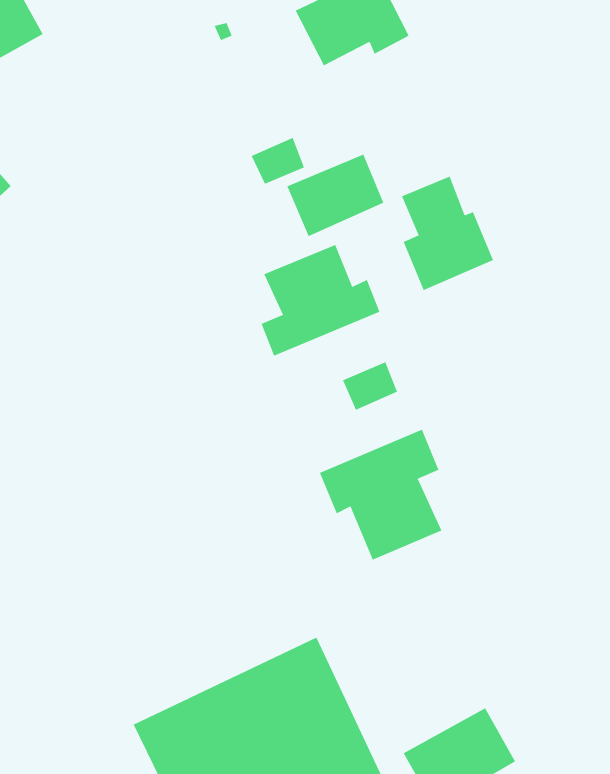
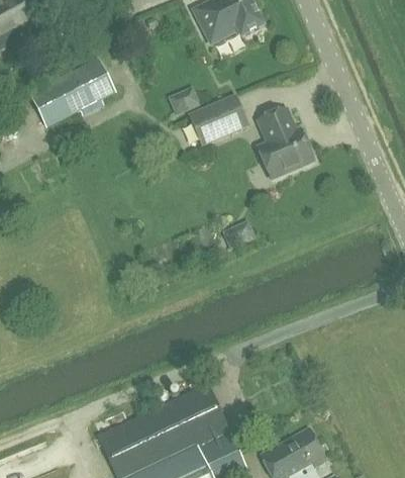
building: none -> [31,63,113,125]
building: [261,244,380,356] -> none
building: [319,429,442,560] -> none

